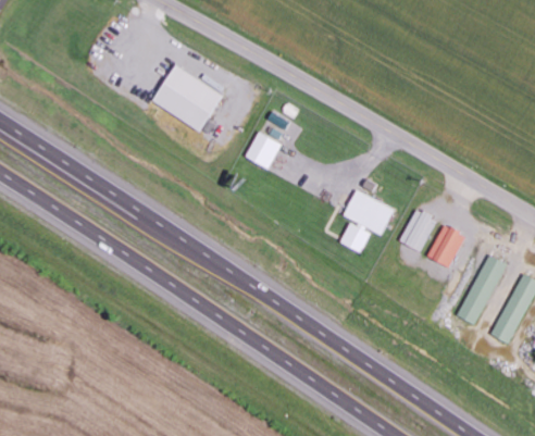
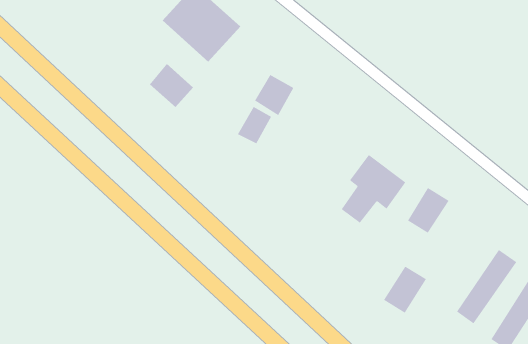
building: none -> [149,63,194,108]
building: none -> [237,106,272,144]
building: [427,225,463,267] -> [383,266,427,313]

